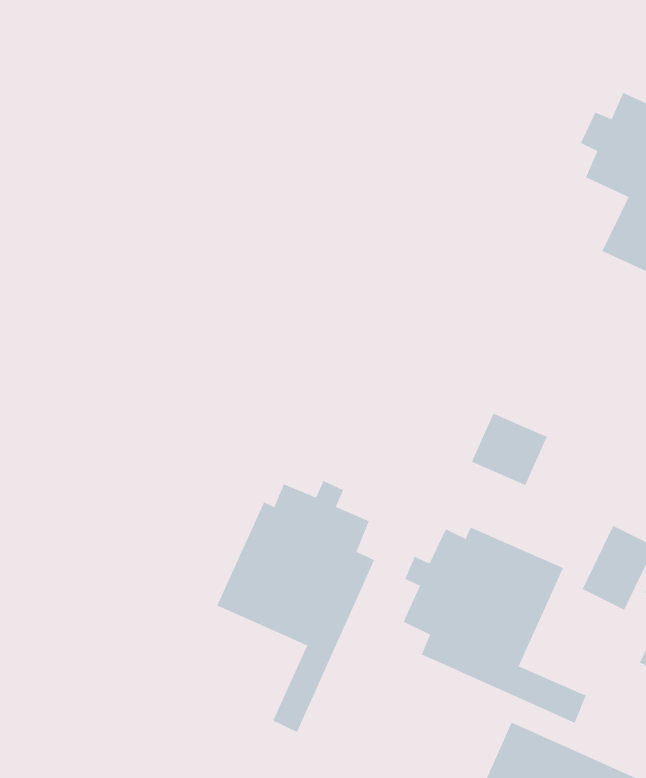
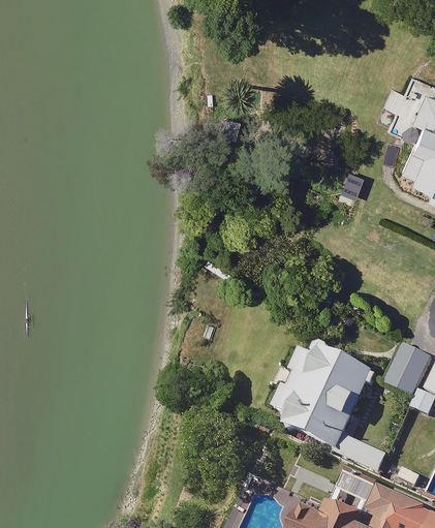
building: [471,413,548,486] -> none
building: [217,480,375,733] -> none

